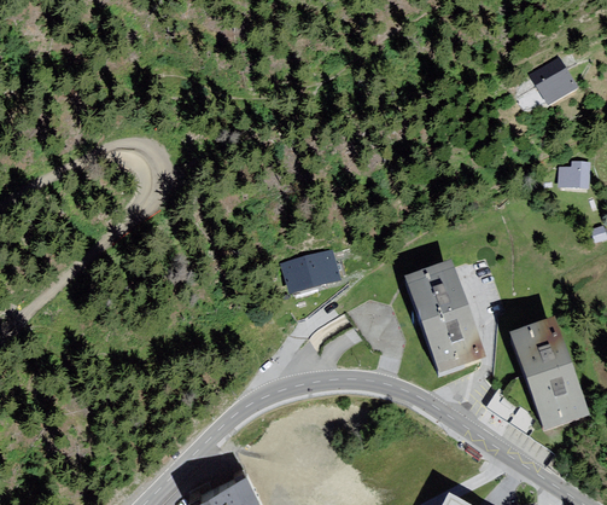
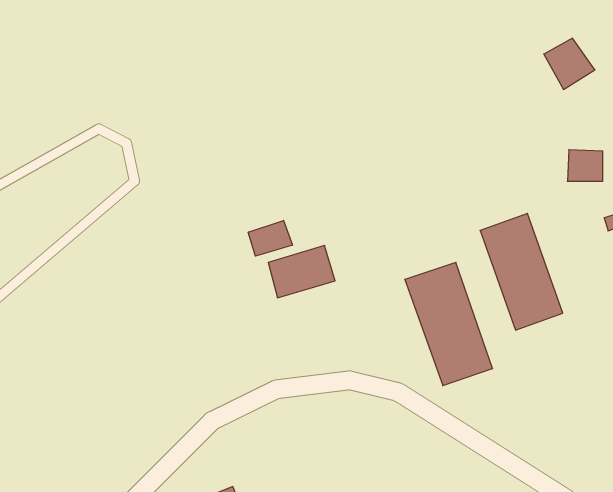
building: none -> [248,220,292,256]
building: [507,325,583,433] -> [480,213,563,330]

